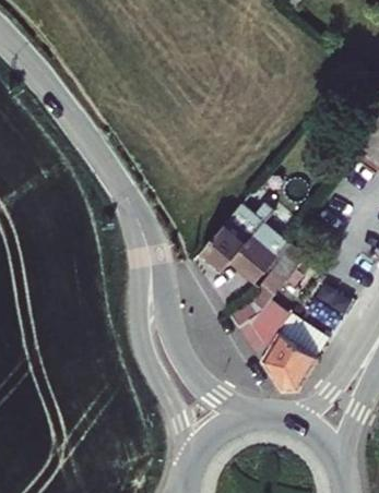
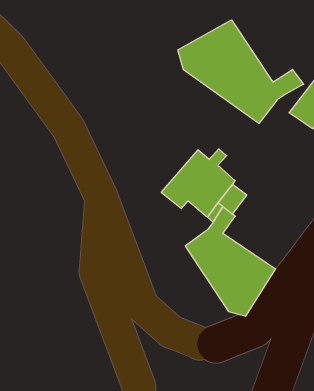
building: none -> [178,20,304,123]

